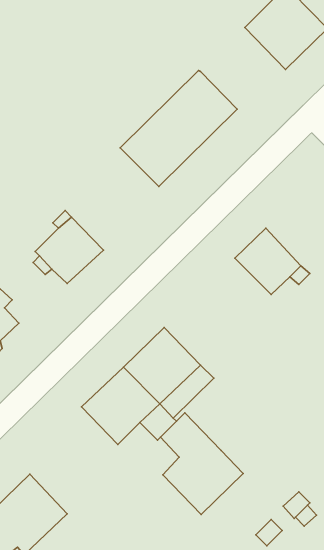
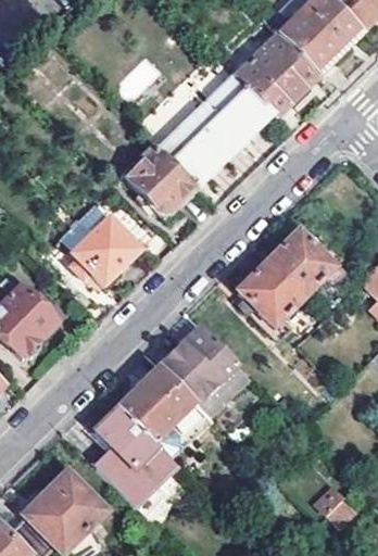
building: none -> [235,31,318,115]
building: none -> [127,150,193,216]
building: none -> [238,258,304,325]
building: [161,413,243,514] -> [93,405,175,505]

